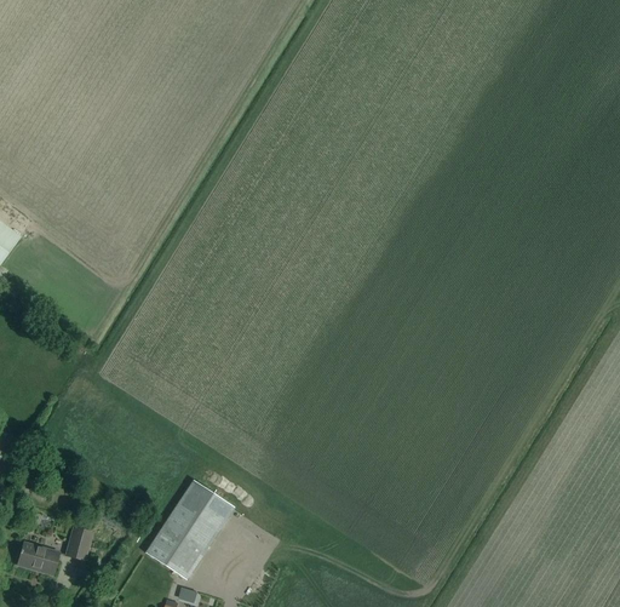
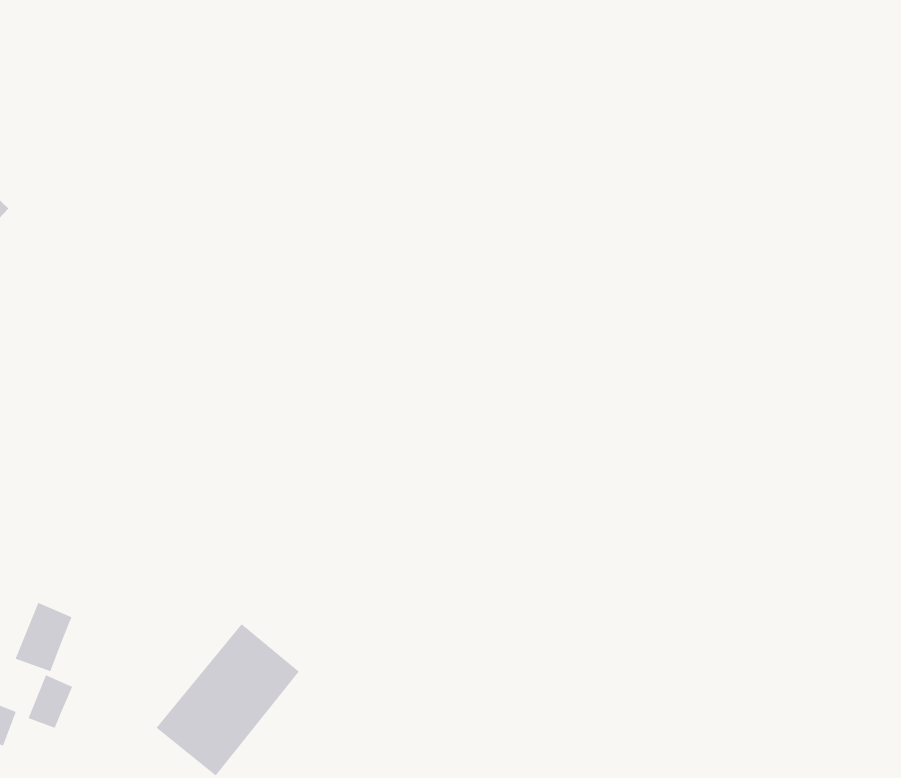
building: none -> [15,602,72,672]

